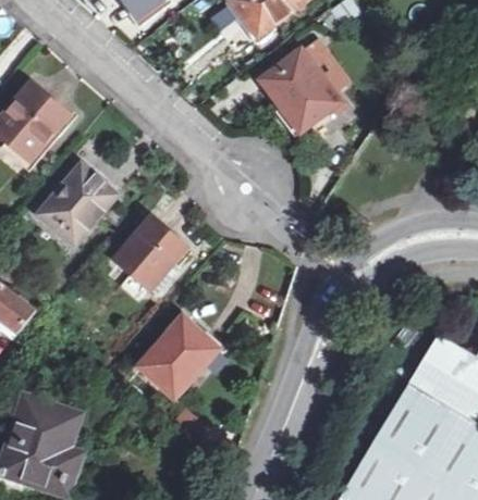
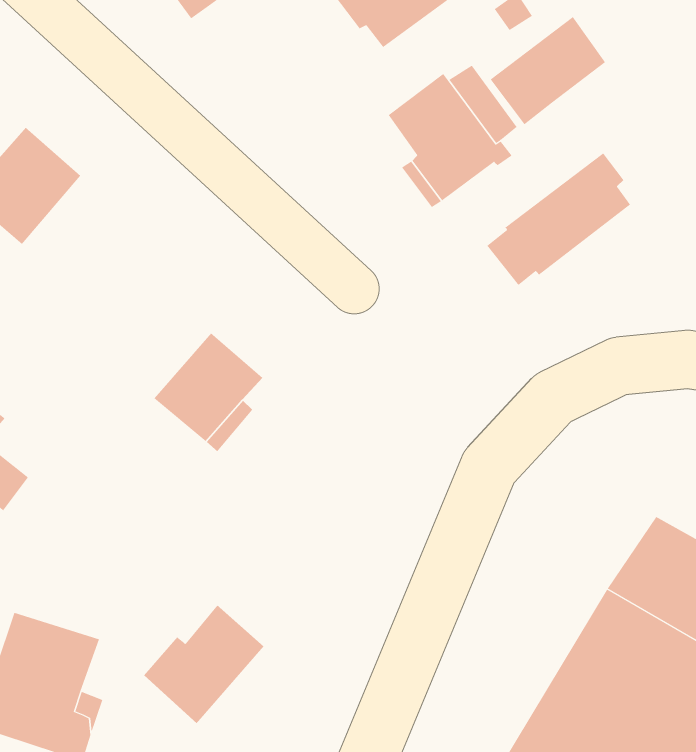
building: none -> [490,16,606,125]
building: none -> [487,152,631,286]
building: [37,167,118,246] -> none
building: [138,321,217,398] -> [143,605,264,724]

